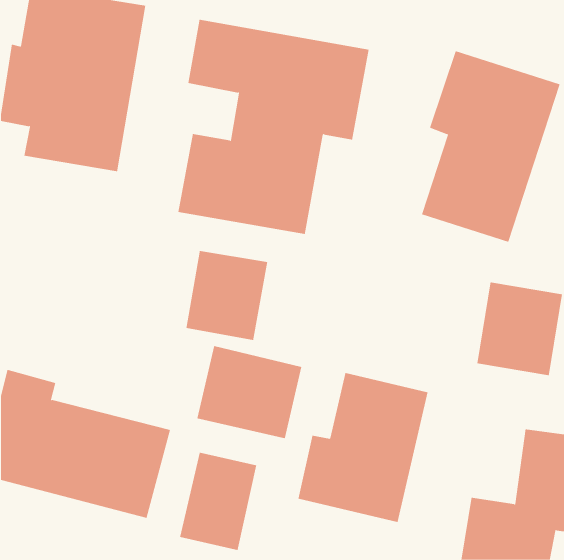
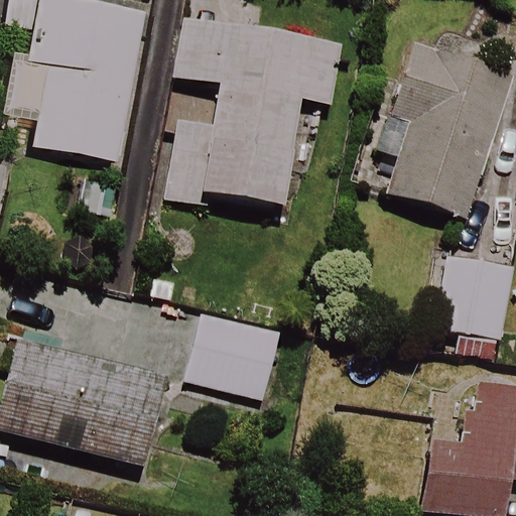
building: [186,250,268,341] -> none
building: [298,372,428,523] -> none
building: [180,452,257,551] -> none

